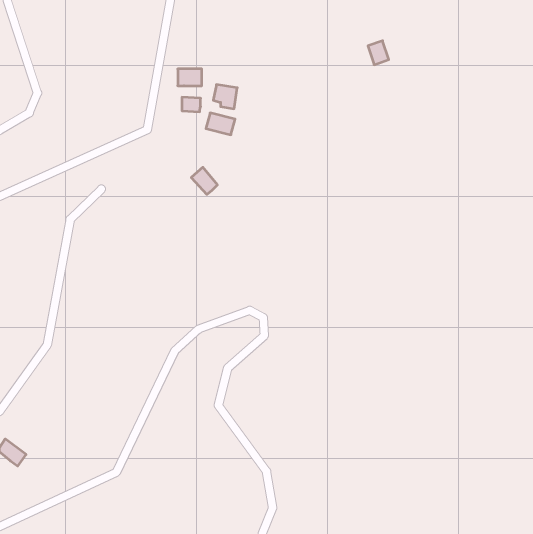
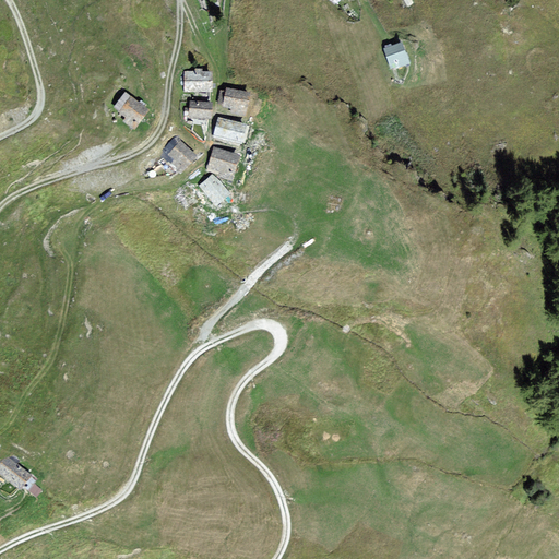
building: none -> [116,94,146,127]
building: none -> [164,138,194,167]
building: none -> [207,148,237,177]

